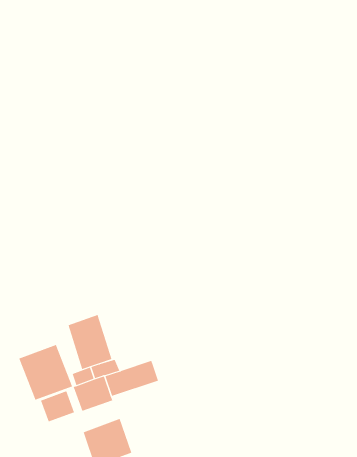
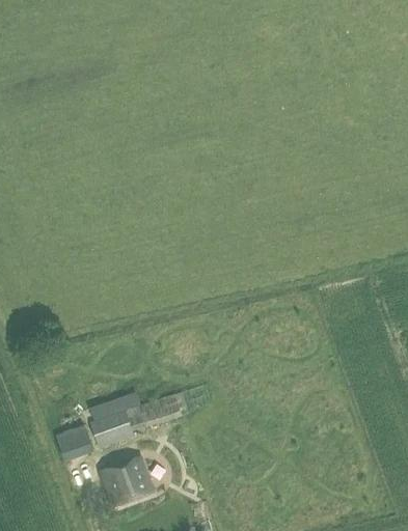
building: [68,314,112,370] -> none
building: [18,344,73,401] -> none

